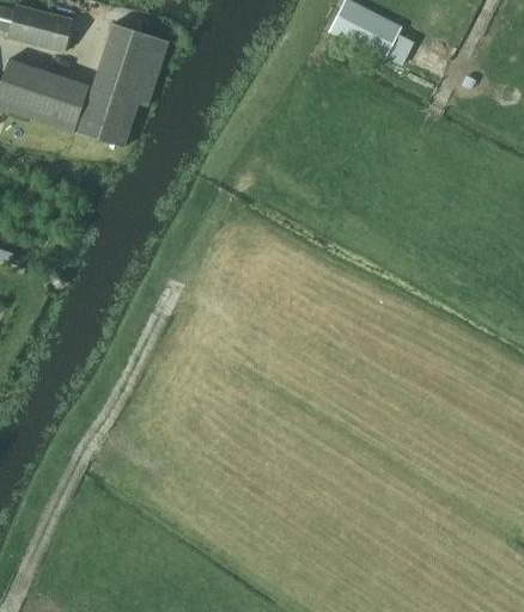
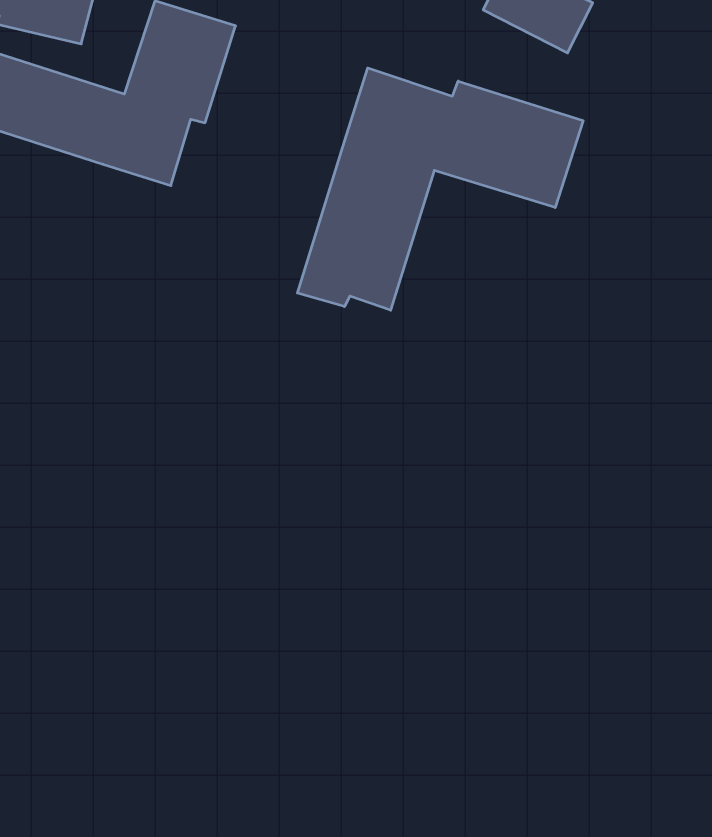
building: none -> [297,68,583,310]

